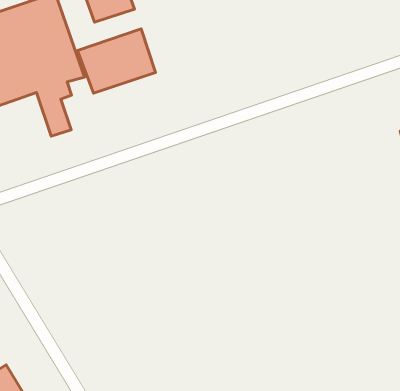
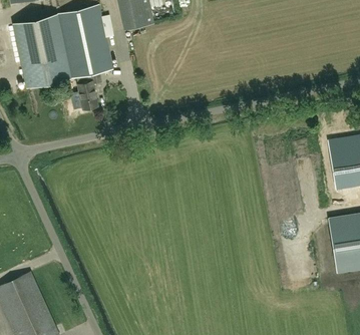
building: [78,29,155,93] -> none

